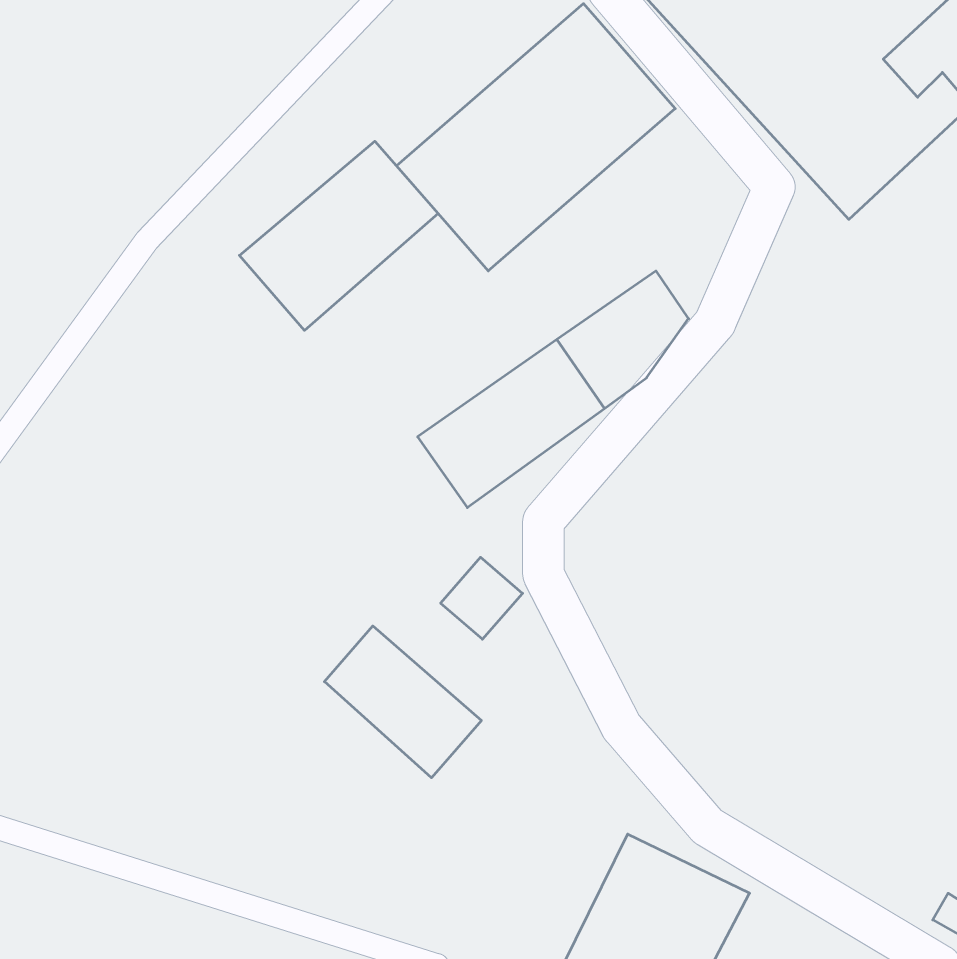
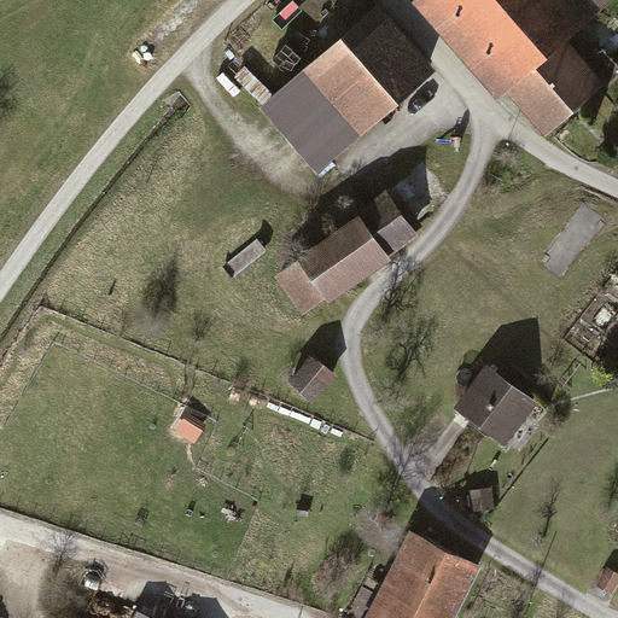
building: [239,141,438,330] -> none
building: none -> [450,365,534,447]
building: [324,626,481,778] -> none

